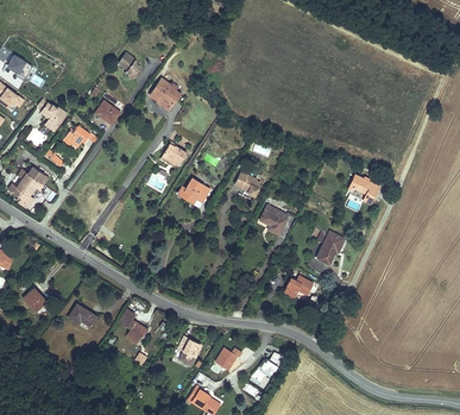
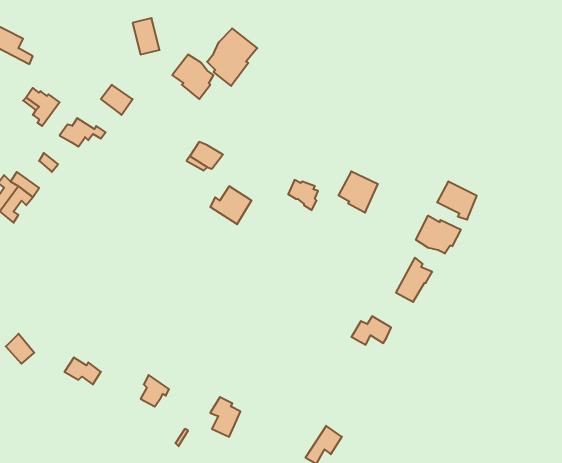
building: none -> [207,28,257,86]
building: none -> [416,216,461,254]
building: [258,205,288,235] -> [338,171,378,213]

